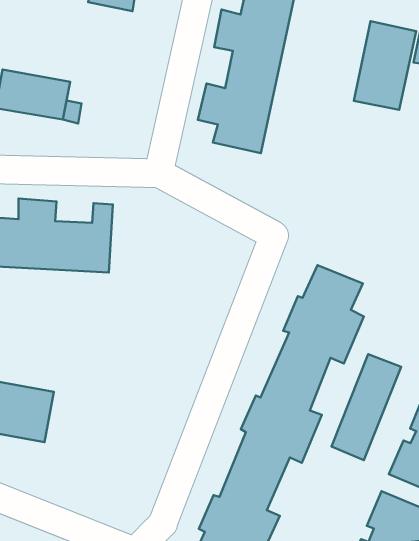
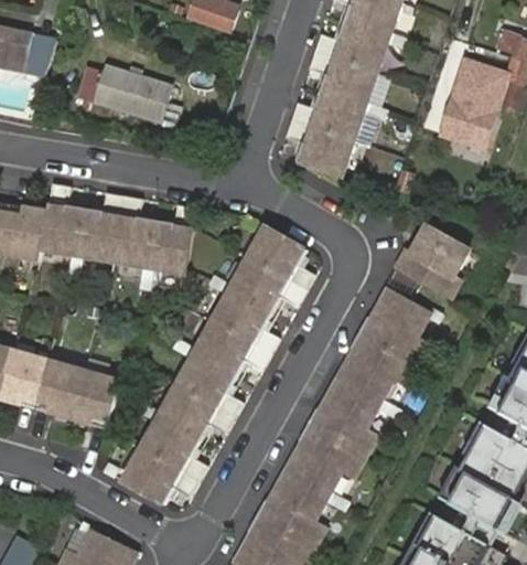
building: none -> [392,224,465,295]
building: none -> [122,225,312,503]
building: [331,354,401,460] -> none

